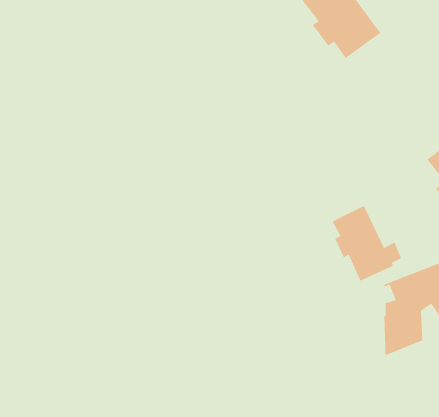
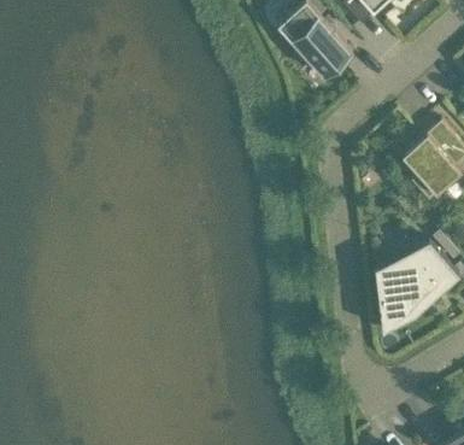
building: [332,205,402,282] -> none

